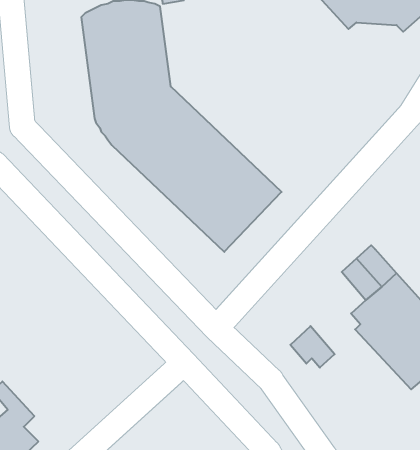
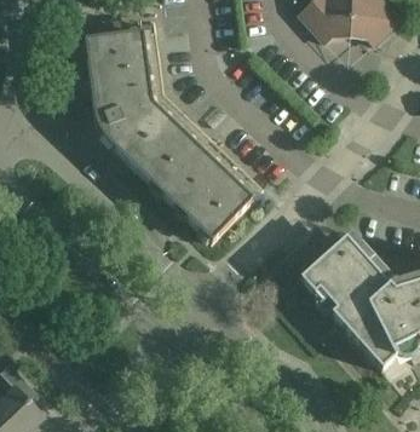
building: [290,326,335,368] -> [300,263,340,300]

